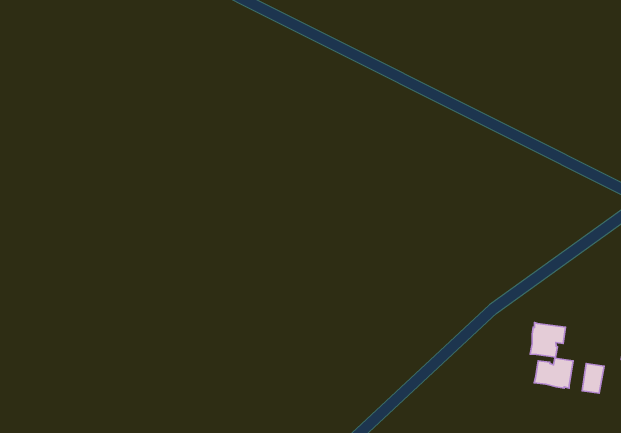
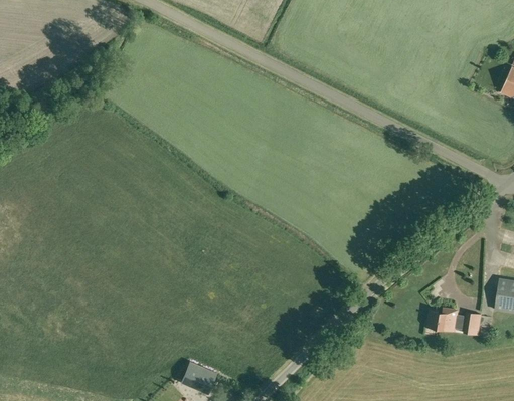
building: [530,323,566,357] -> none

